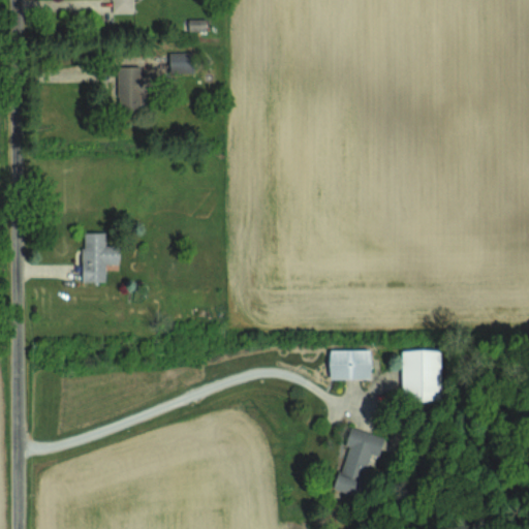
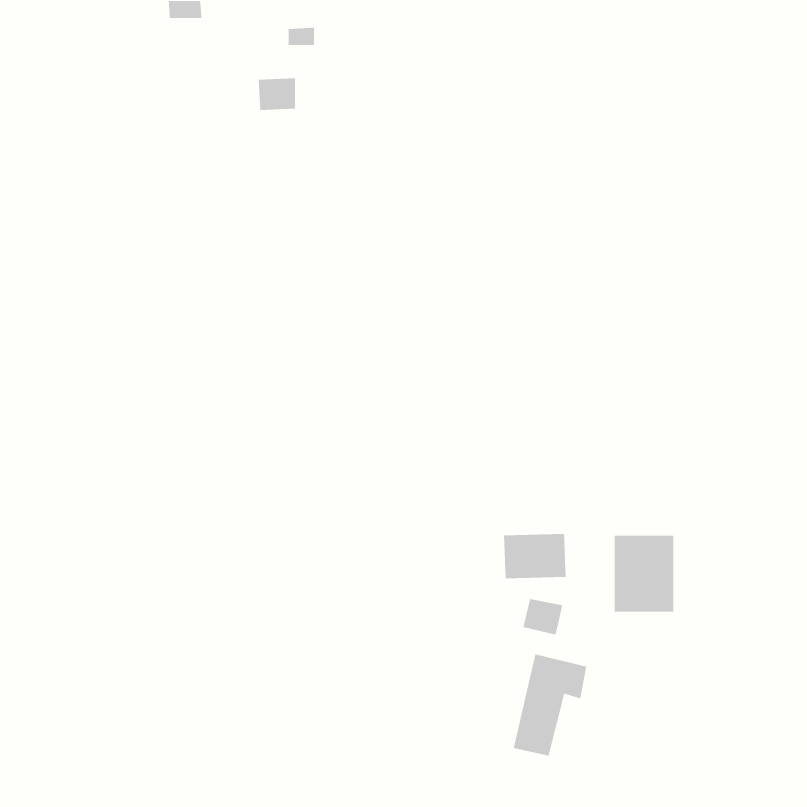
building: [118,66,153,110] -> none
building: [83,232,120,282] -> none
building: none -> [523,598,563,636]

